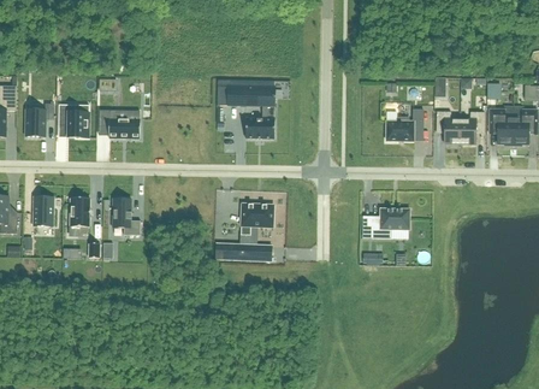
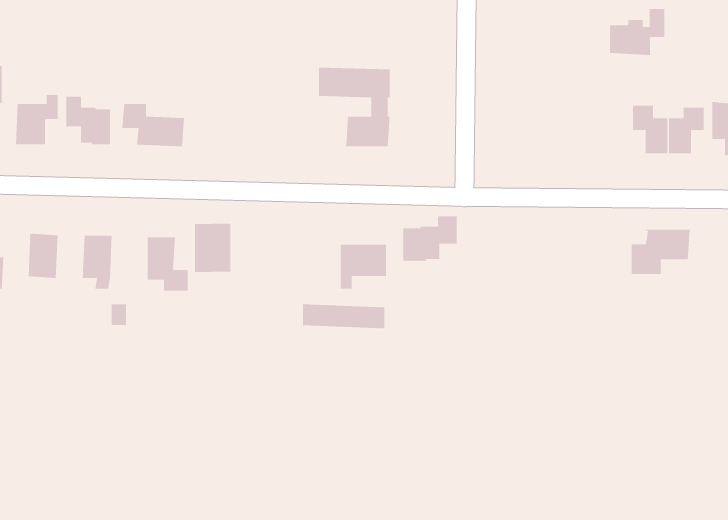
building: [385,108,422,140] -> [609,9,665,55]
building: none -> [403,216,457,261]
building: none -> [195,223,231,273]
building: [369,207,409,237] -> [631,229,690,274]

